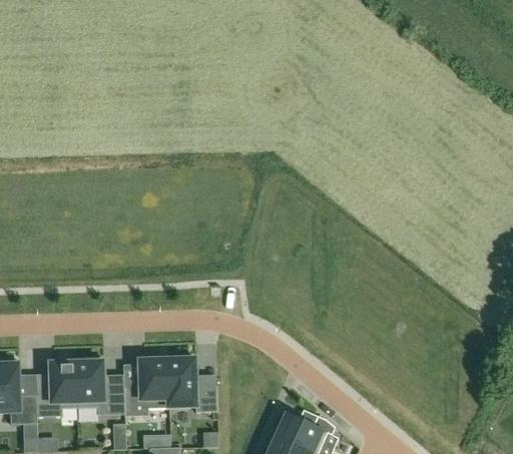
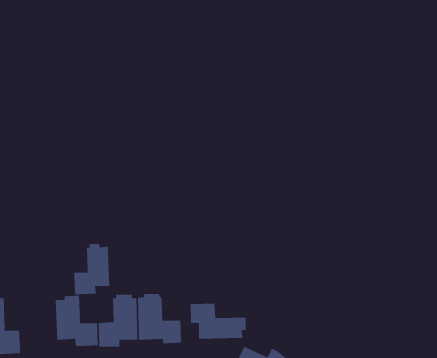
building: [35,359,76,417] -> [73,243,110,295]
building: none -> [190,303,246,339]

